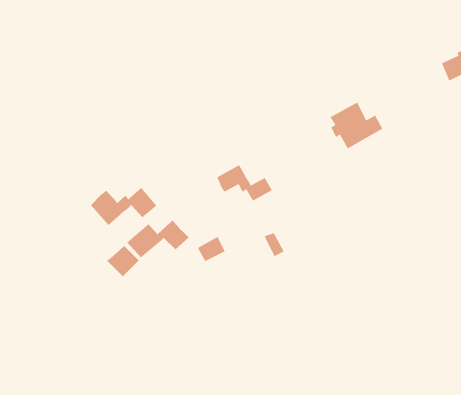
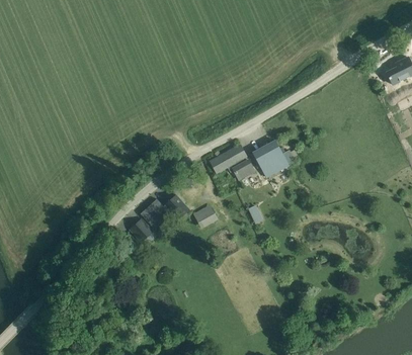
building: [329,102,383,149] -> [253,140,296,177]
building: [90,187,157,226] -> none

